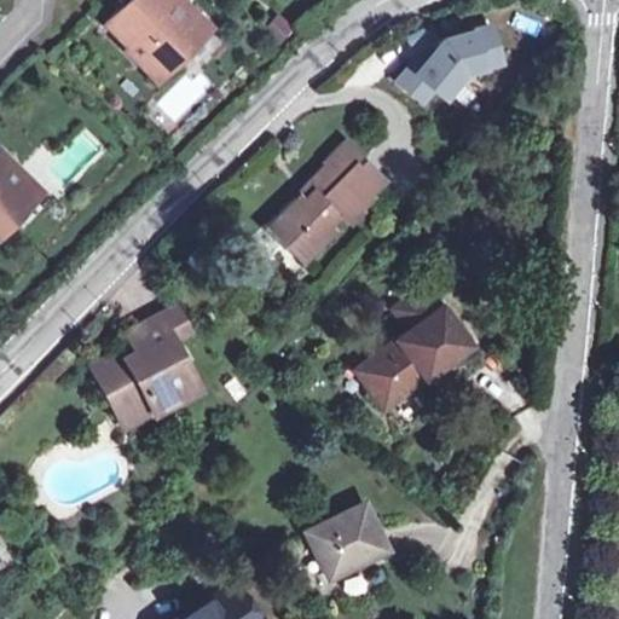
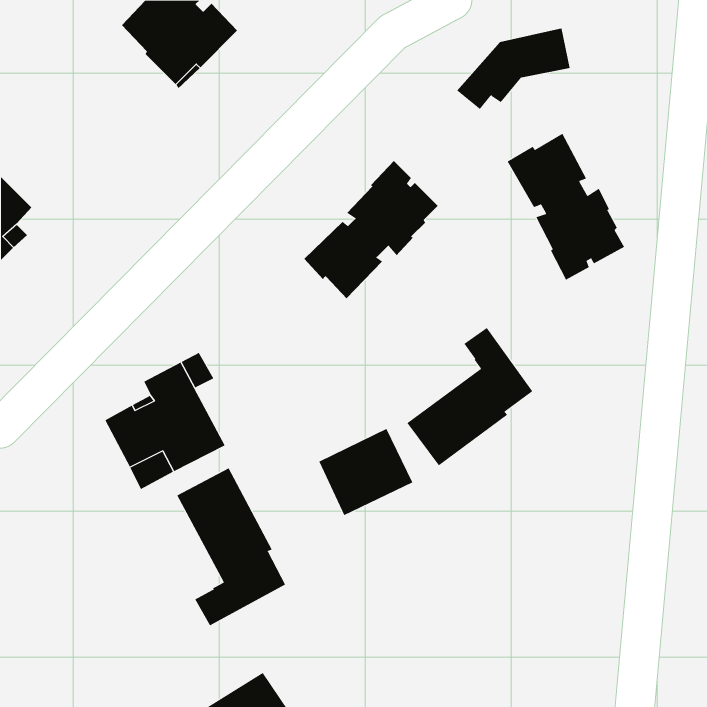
building: none -> [507,133,625,281]
building: none -> [177,467,286,626]
building: [307,504,389,580] -> [319,428,413,516]

